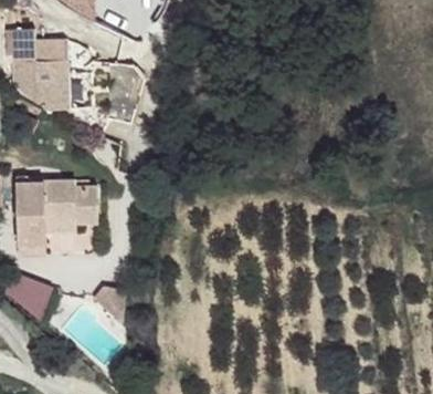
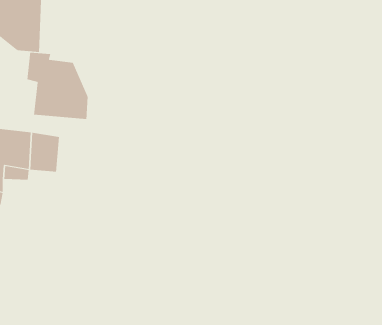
building: none -> [27,52,88,120]

